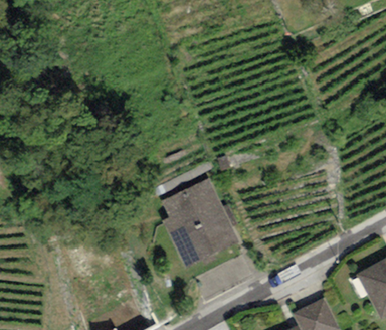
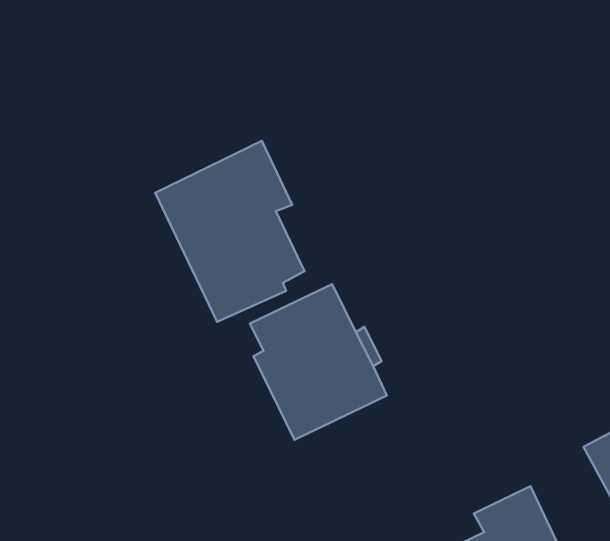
building: none -> [155,141,304,322]

